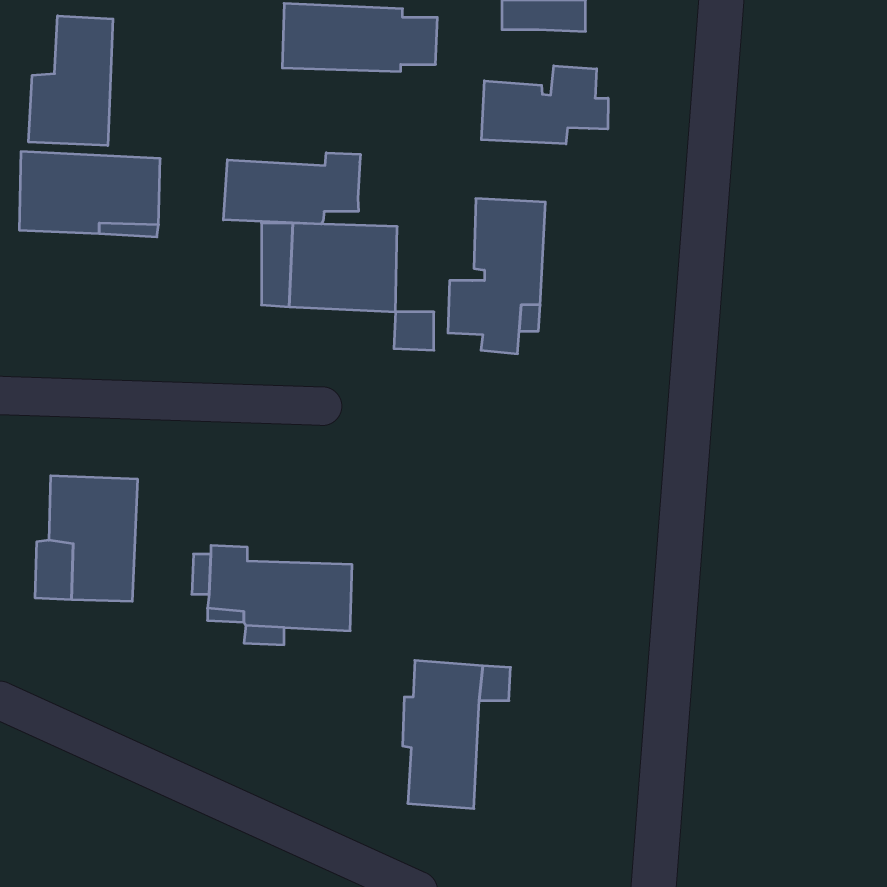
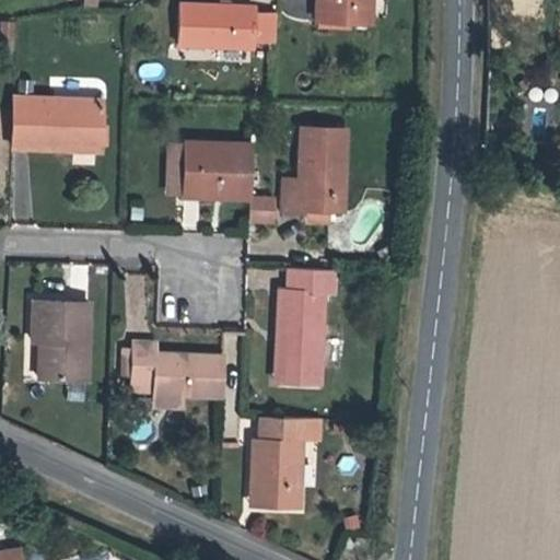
building: [29,16,113,146] -> none
building: [481,66,608,144] -> none
building: [223,153,360,224] -> none
building: none -> [278,269,335,383]

